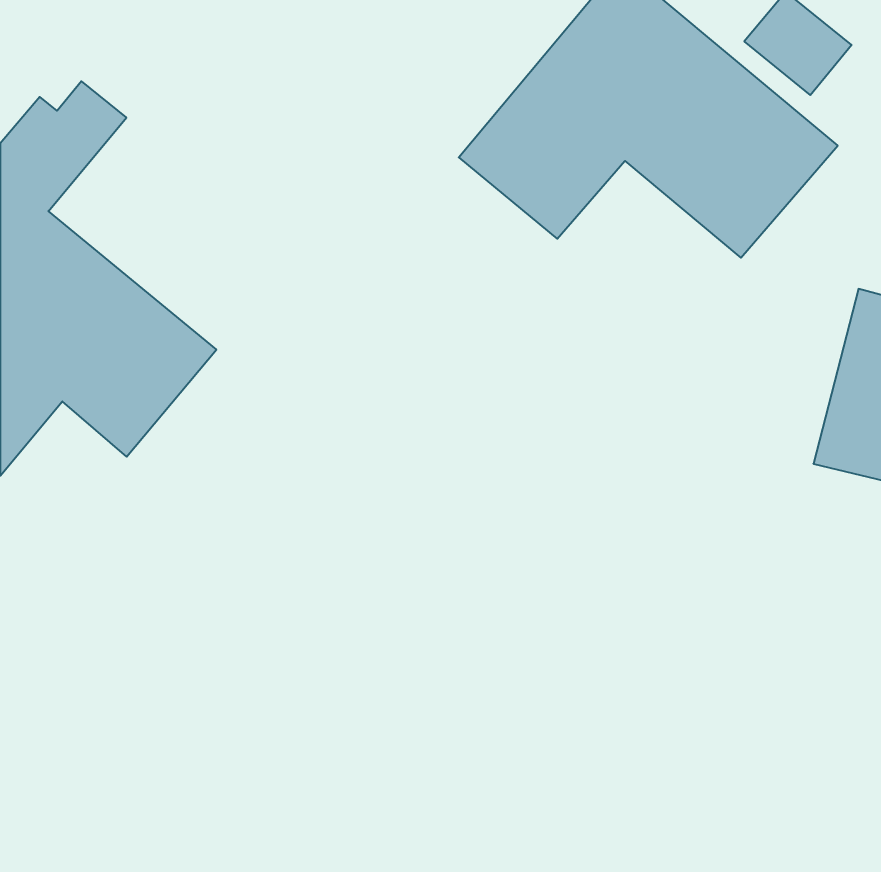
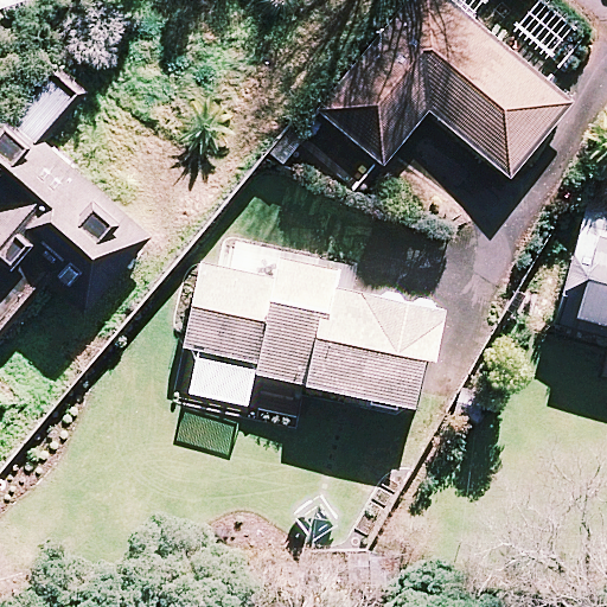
building: none -> [184,255,447,411]

